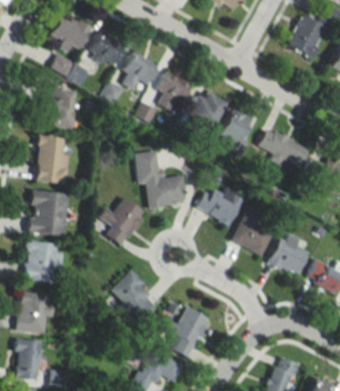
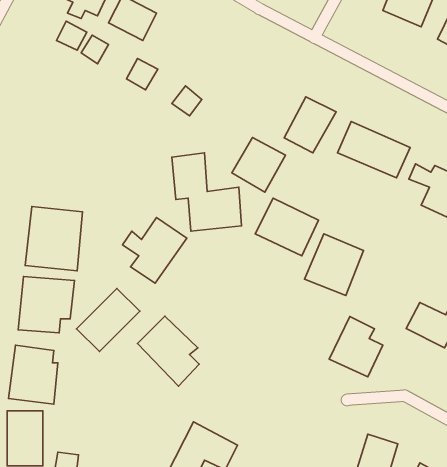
building: [118,51,159,90] -> none
building: [154,71,192,113] -> none
building: [42,85,74,130] -> none
building: [187,89,226,130] -> [232,137,285,192]
building: [36,136,70,185] -> none
building: [269,232,308,276] -> [329,317,383,377]
building: none -> [77,288,140,352]
building: [165,308,211,359] -> none

